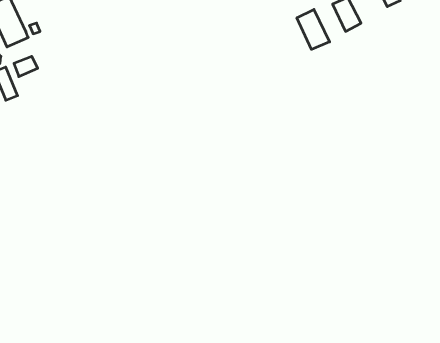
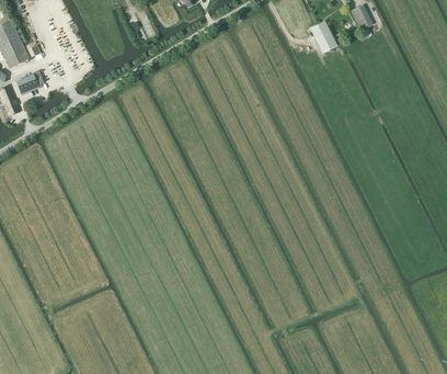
building: [297,9,330,49] -> none

